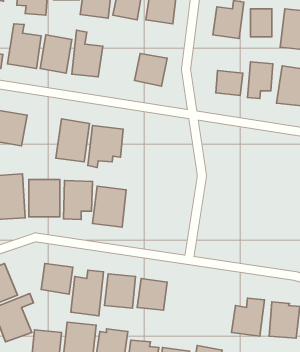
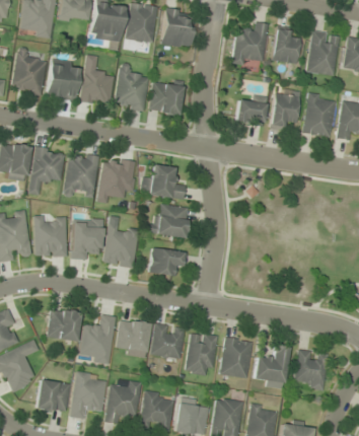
building: none -> [114,64,149,112]
building: none -> [28,147,65,196]
building: none -> [142,166,184,198]
building: none -> [145,205,189,238]
building: none -> [149,248,187,276]
building: none -> [185,333,217,376]
building: none -> [220,338,252,378]

